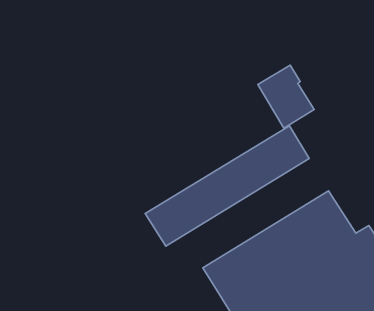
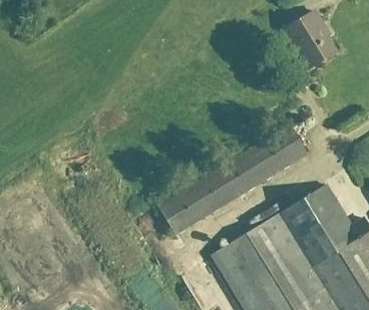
building: [258,65,314,128] -> [284,11,336,69]

